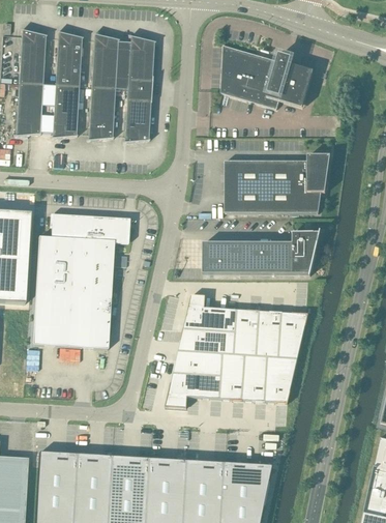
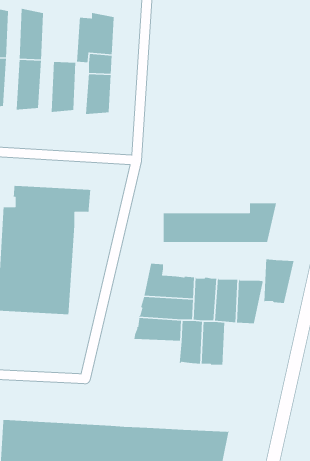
building: [91,33,119,87] -> none
building: [221,43,315,107] -> none
building: [226,153,331,211] -> none
building: [266,354,298,401] -> [263,259,295,304]
building: [167,372,222,406] -> none

